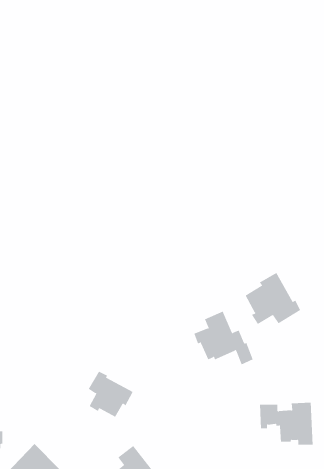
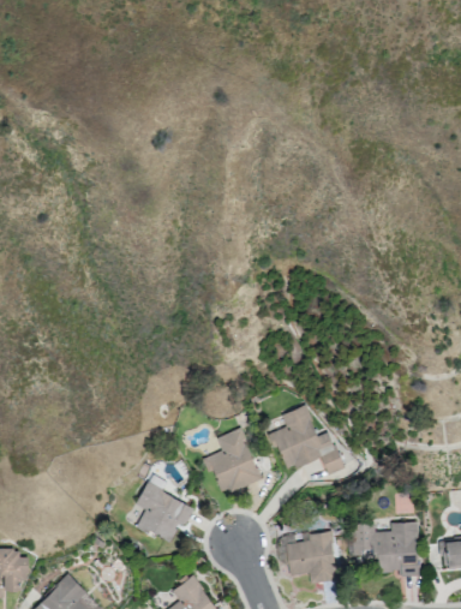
building: [245,272,301,325] -> none
building: none -> [204,429,262,491]
building: none -> [286,532,339,583]

